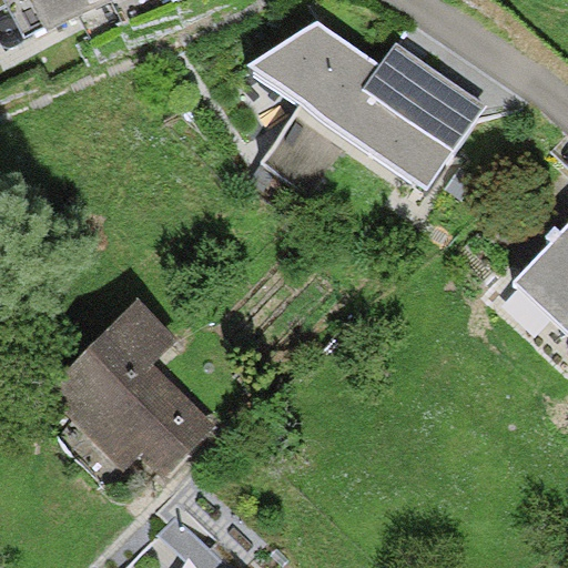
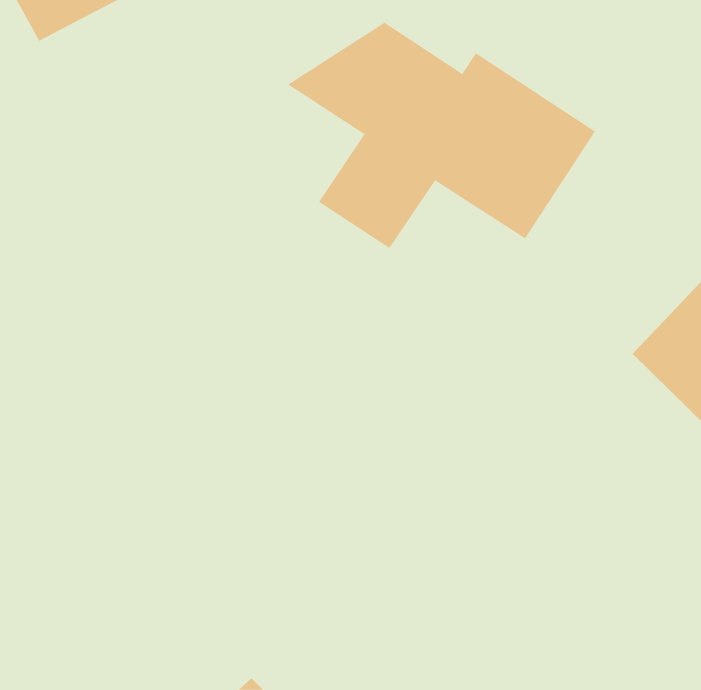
building: [45,293,217,481] -> none

